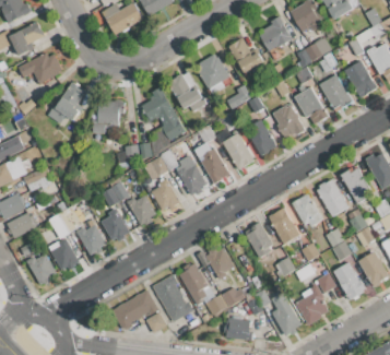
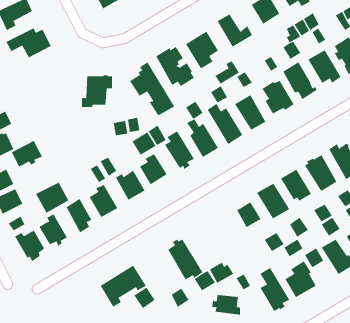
building: [47,82,85,123] -> none
building: [205,247,233,279] -> none
building: [152,274,193,322] -> none

